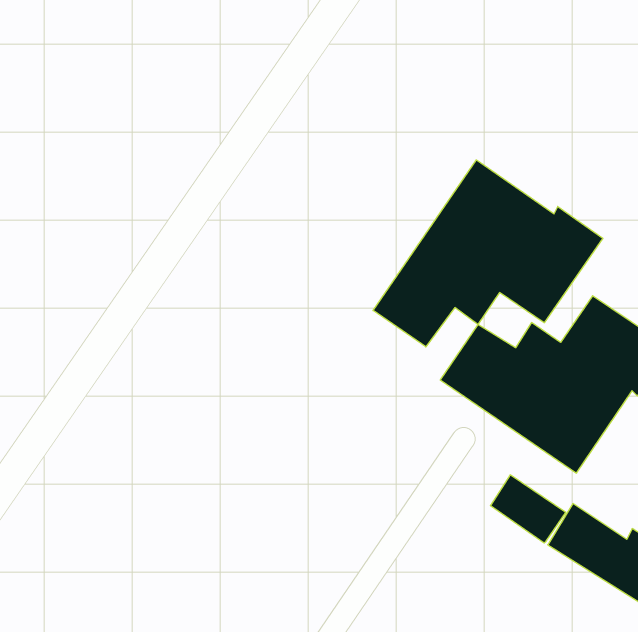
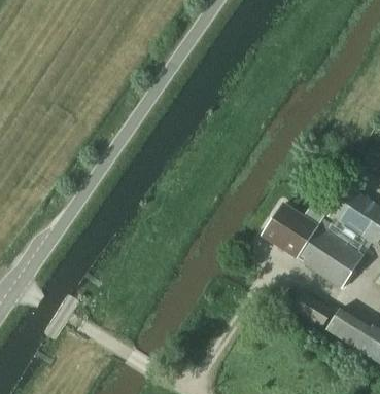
building: [373,160,603,347] -> none

